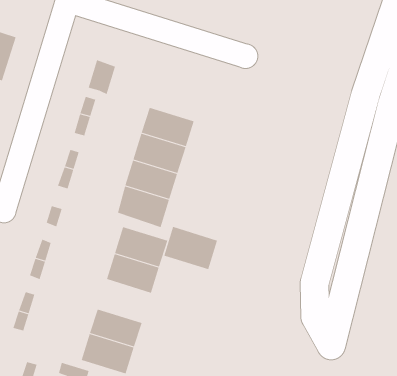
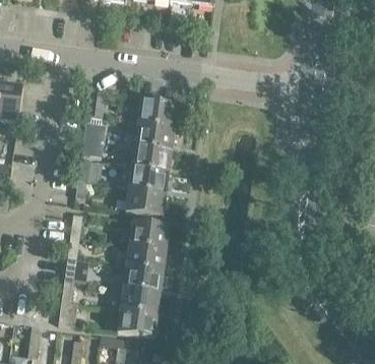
building: none -> [137,98,178,126]
building: [164,226,218,270] -> [123,262,164,292]

